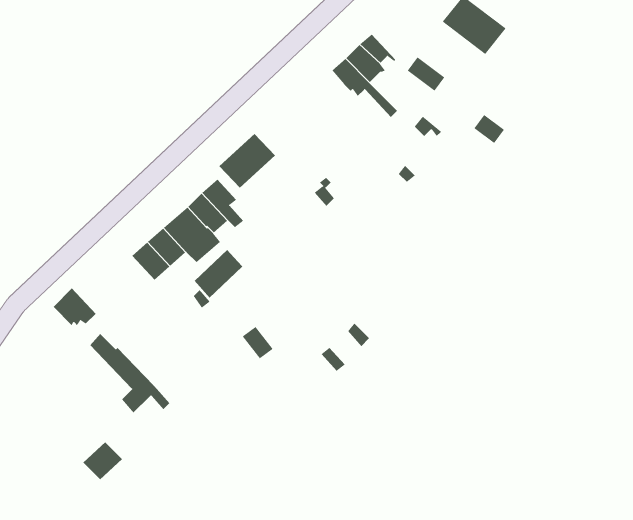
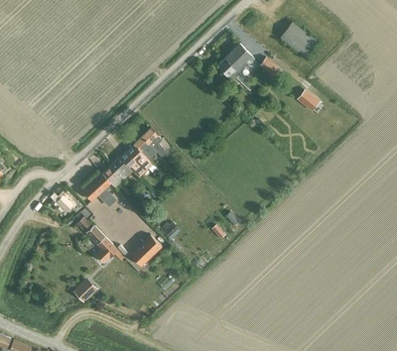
building: [218,133,276,189] -> none
building: [194,249,250,298] -> [83,172,115,201]
building: none -> [130,235,161,266]

